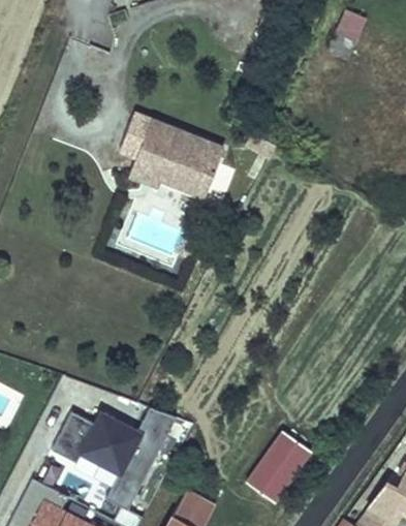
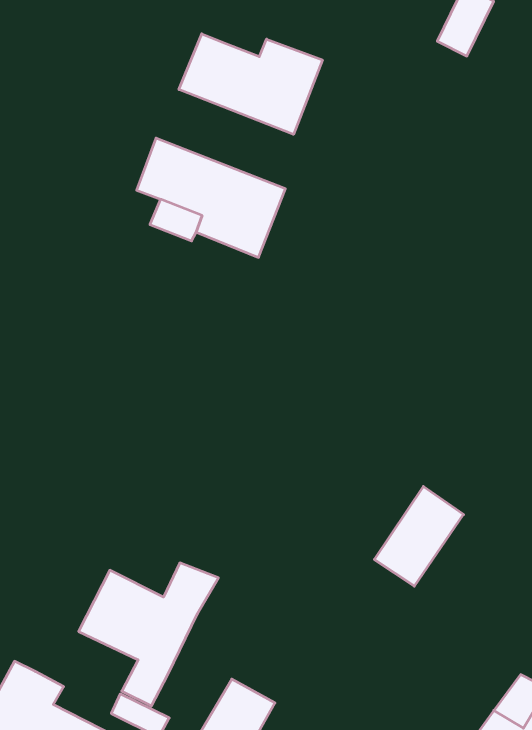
building: none -> [179,34,322,134]
building: [53,411,96,462] -> none
building: [248,432,310,501] -> [374,486,464,586]

